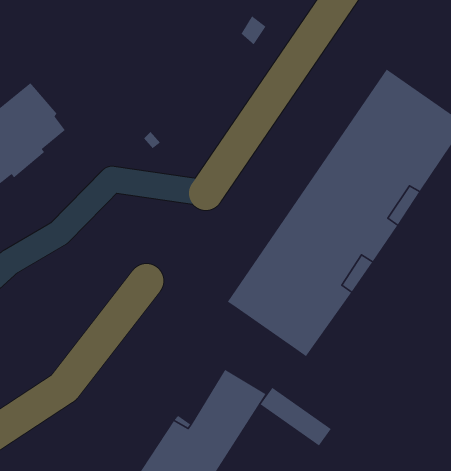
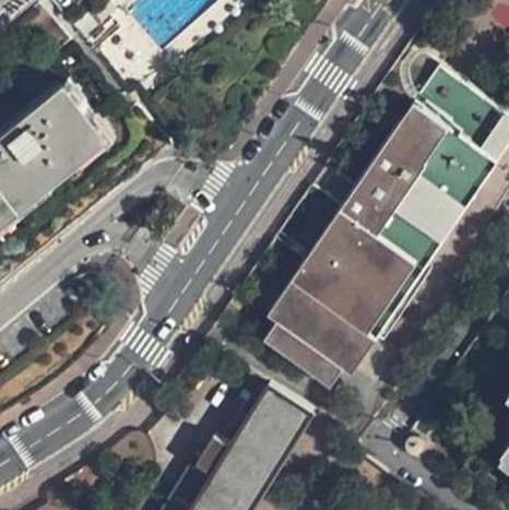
building: [260,387,332,446] -> [264,324,340,387]

